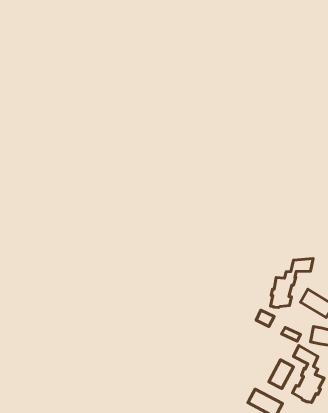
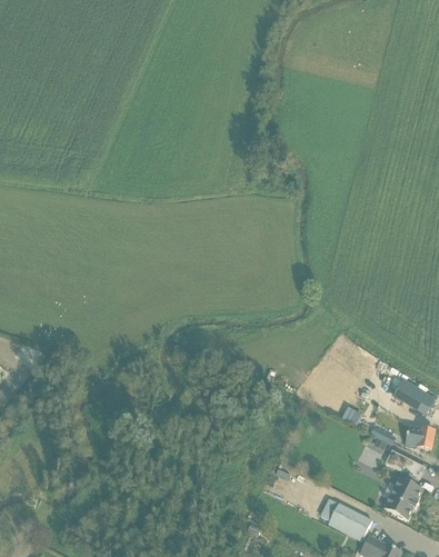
building: [271,259,313,308] -> none
building: [269,360,293,389] -> none

